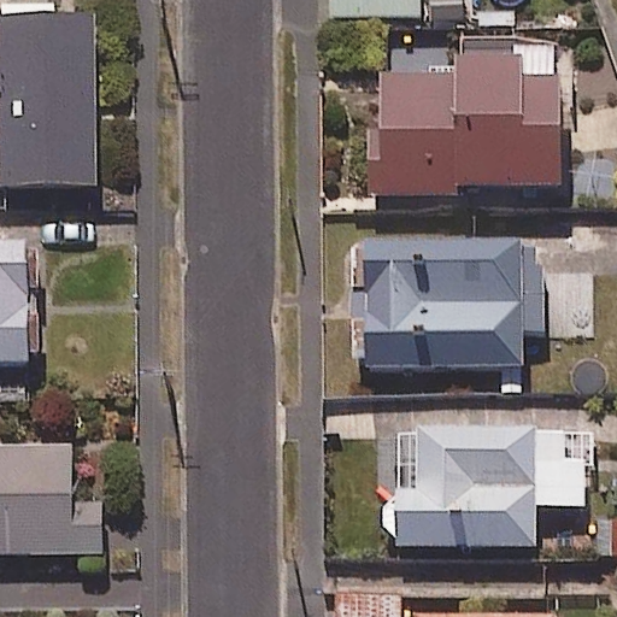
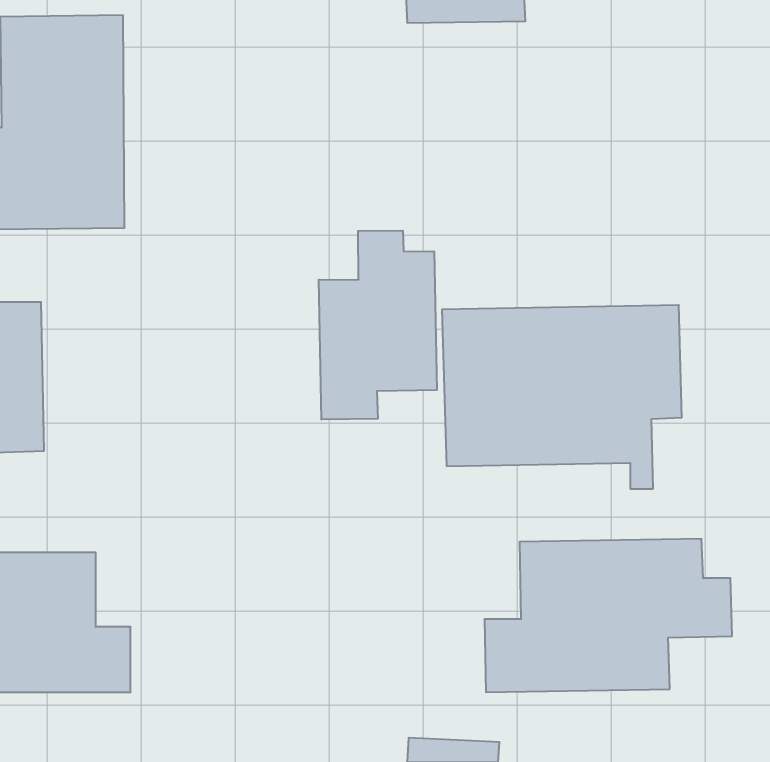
building: [374,33,554,196] -> none
building: none -> [319,231,437,420]

